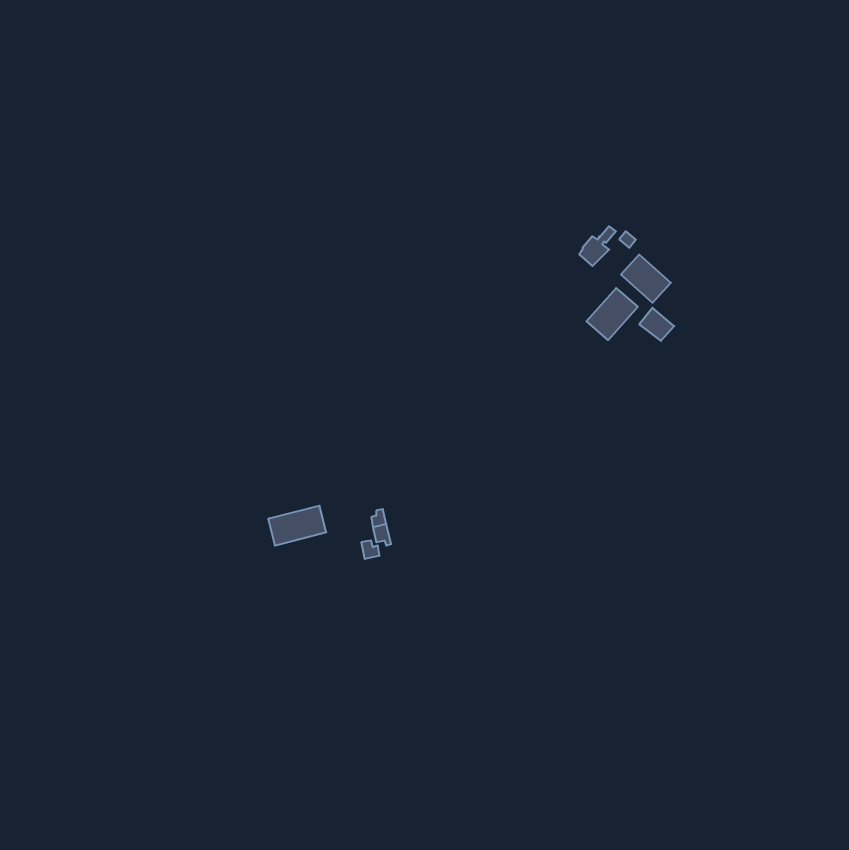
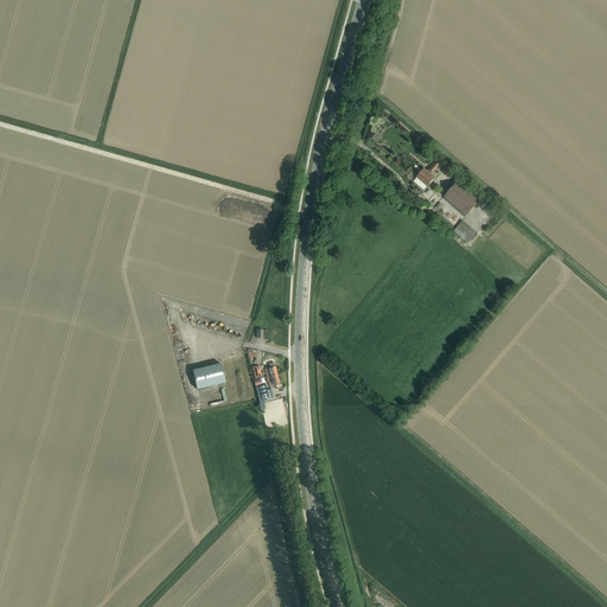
building: [586,288,638,340] -> none

